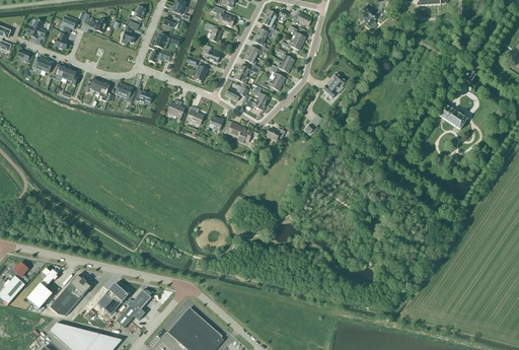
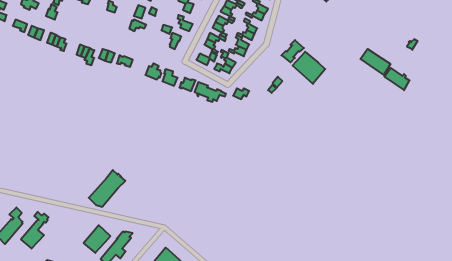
building: none -> [360,49,390,75]
building: none -> [293,52,325,84]
building: [50,275,91,317] -> [89,170,125,207]

